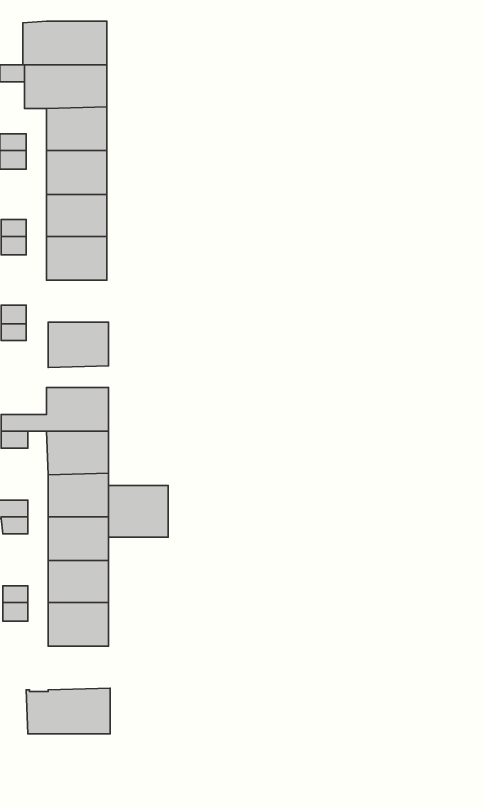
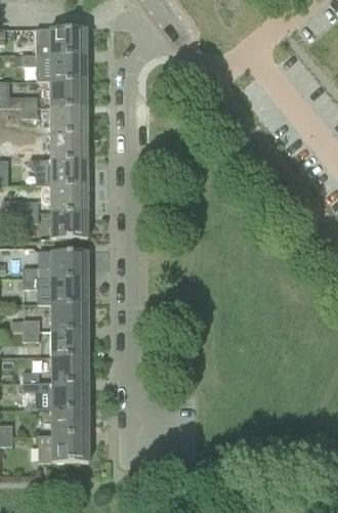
building: none -> [42,184,88,210]
building: [109,486,168,537] -> none
building: none -> [51,408,89,434]

